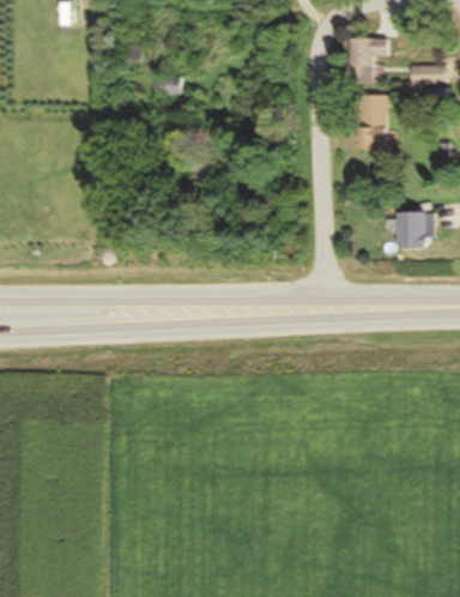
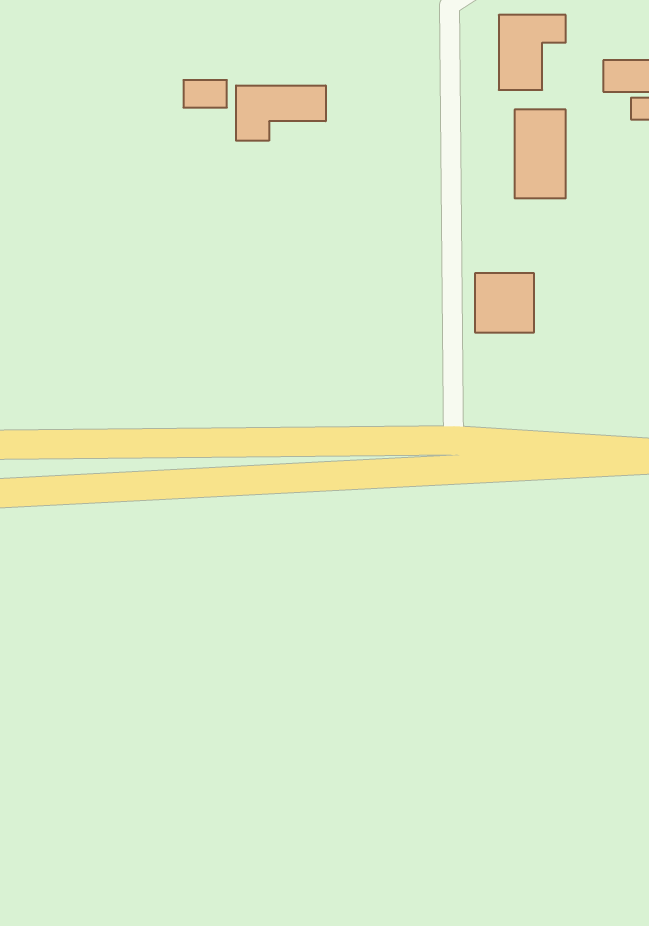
building: none -> [236,85,326,141]
building: [397,211,432,247] -> [475,273,534,332]

